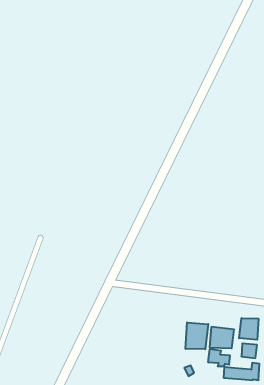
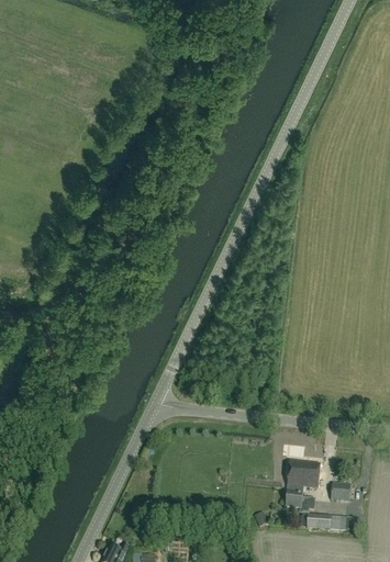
building: [239,318,258,340] -> none
building: [186,322,208,349] -> none

